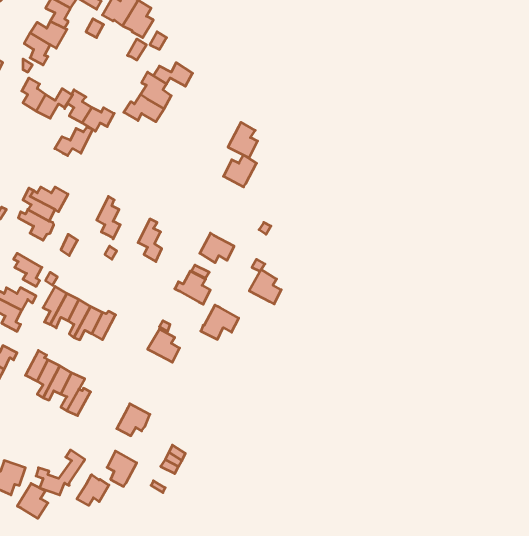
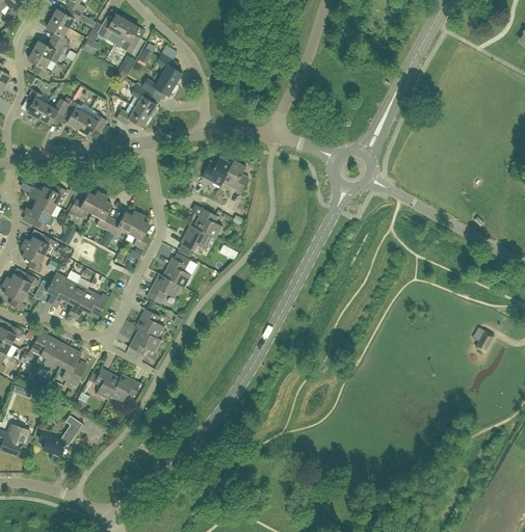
building: none -> [156,52,183,84]
building: [228,122,258,158] -> [222,159,248,190]
building: [55,127,93,156] -> [69,190,102,215]
building: none -> [106,210,138,235]
building: none -> [22,235,57,255]
building: [249,270,281,304] -> [194,208,222,238]
building: [201,305,239,339] -> [148,273,181,303]
building: none -> [131,328,161,353]
building: [107,451,137,486] -> [93,368,119,399]
building: [77,475,109,505] -> none
building: [17,483,48,518] -> none

